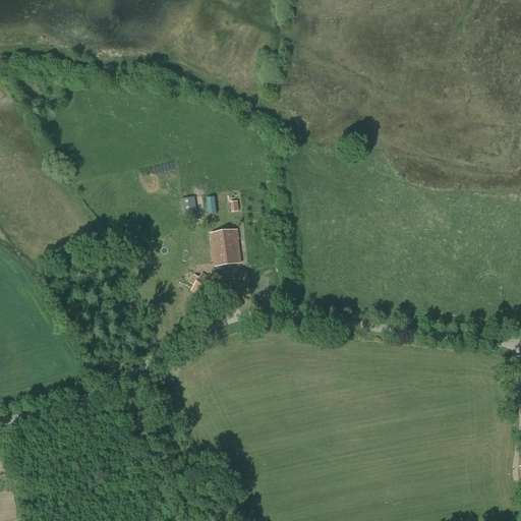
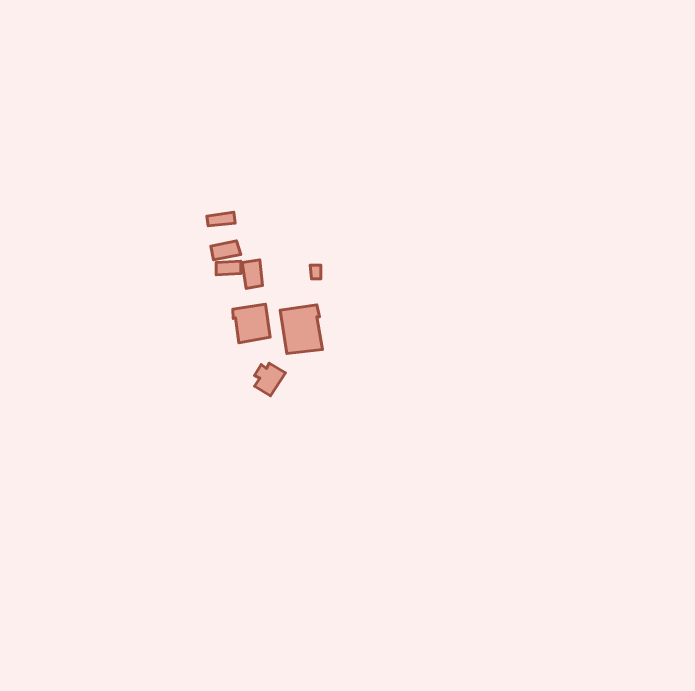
building: none -> [233,304,270,343]

